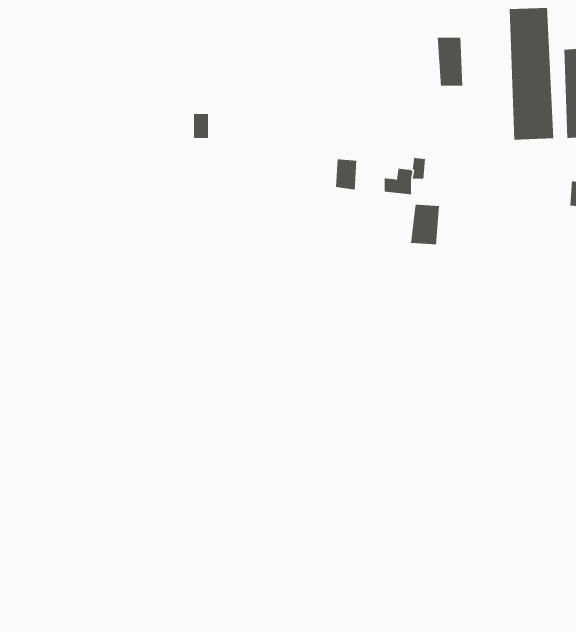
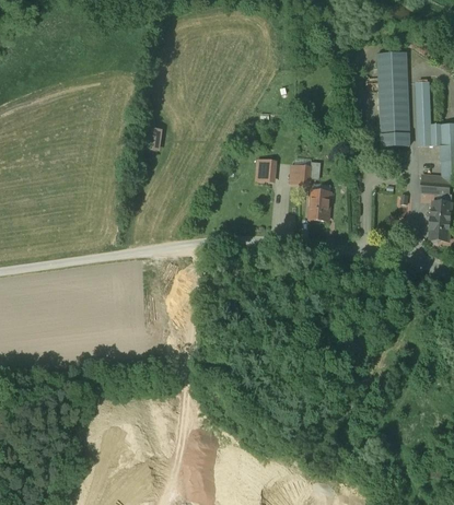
building: [437,37,463,87] -> none

